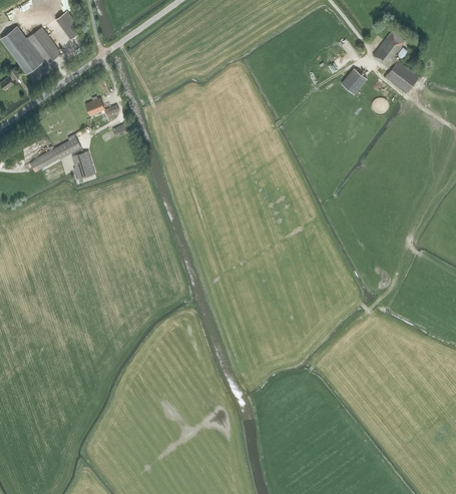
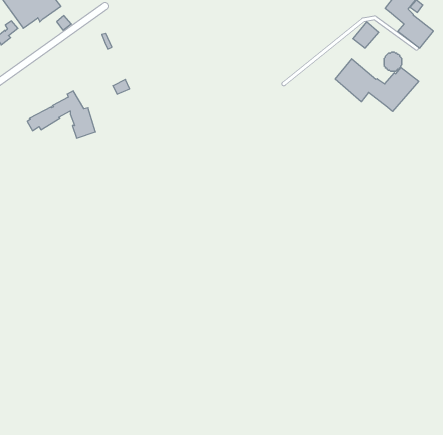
building: [84,97,118,119] -> none
building: none -> [335,59,419,111]

